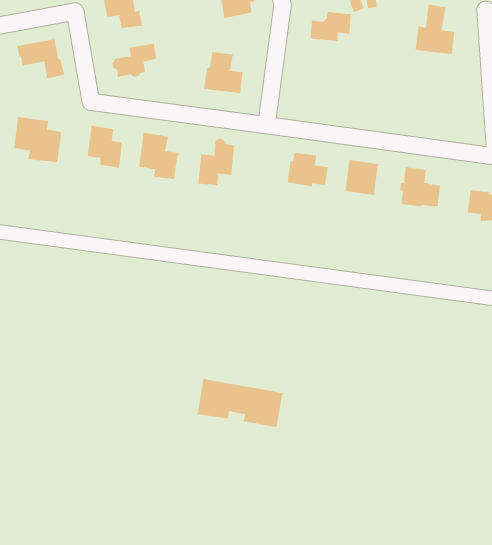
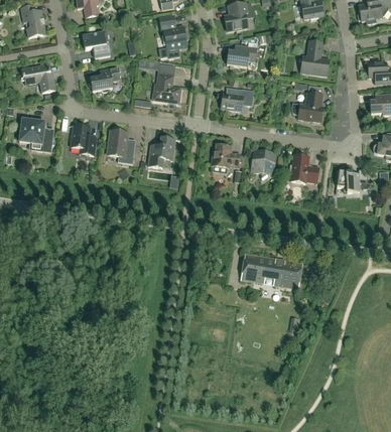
building: none -> [221,87,253,110]
building: none -> [291,92,322,121]
building: [197,378,283,427] -> [241,253,301,287]

